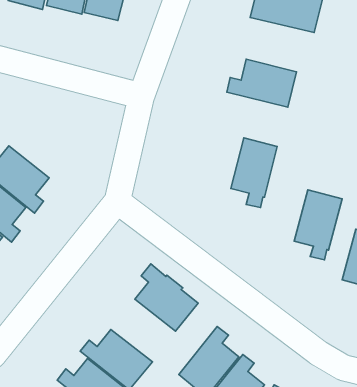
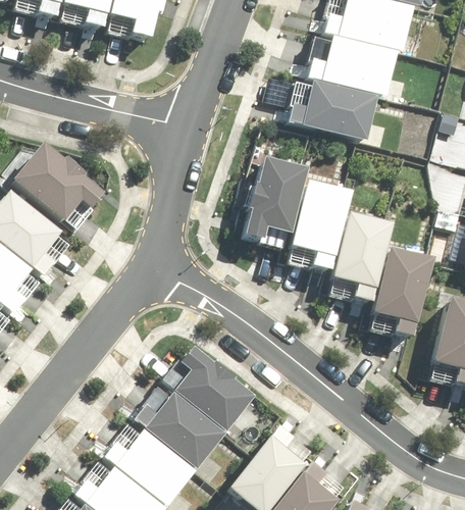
building: none -> [310,38,400,99]
building: none -> [16,149,106,226]
building: none -> [249,157,311,241]
building: none -> [337,214,397,303]
building: none -> [134,389,224,465]

